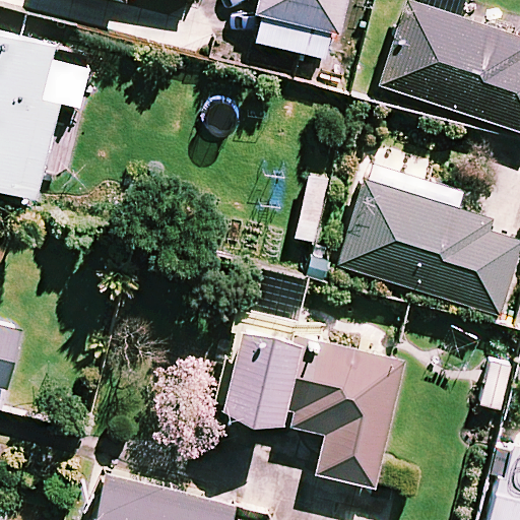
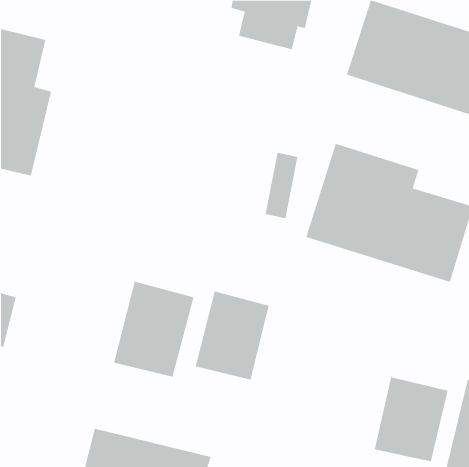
building: none -> [114,281,194,378]
building: [288,340,403,486] -> none
building: none -> [374,377,448,462]

